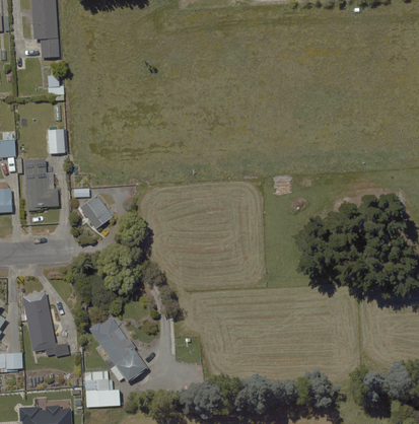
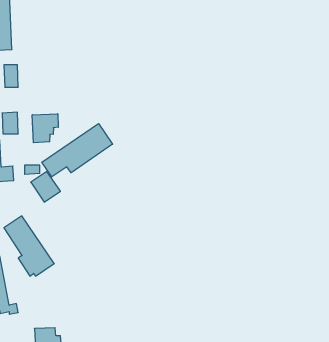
building: none -> [32,114,58,143]
building: none -> [42,124,113,177]
building: [90,313,147,381] -> [4,216,54,276]

